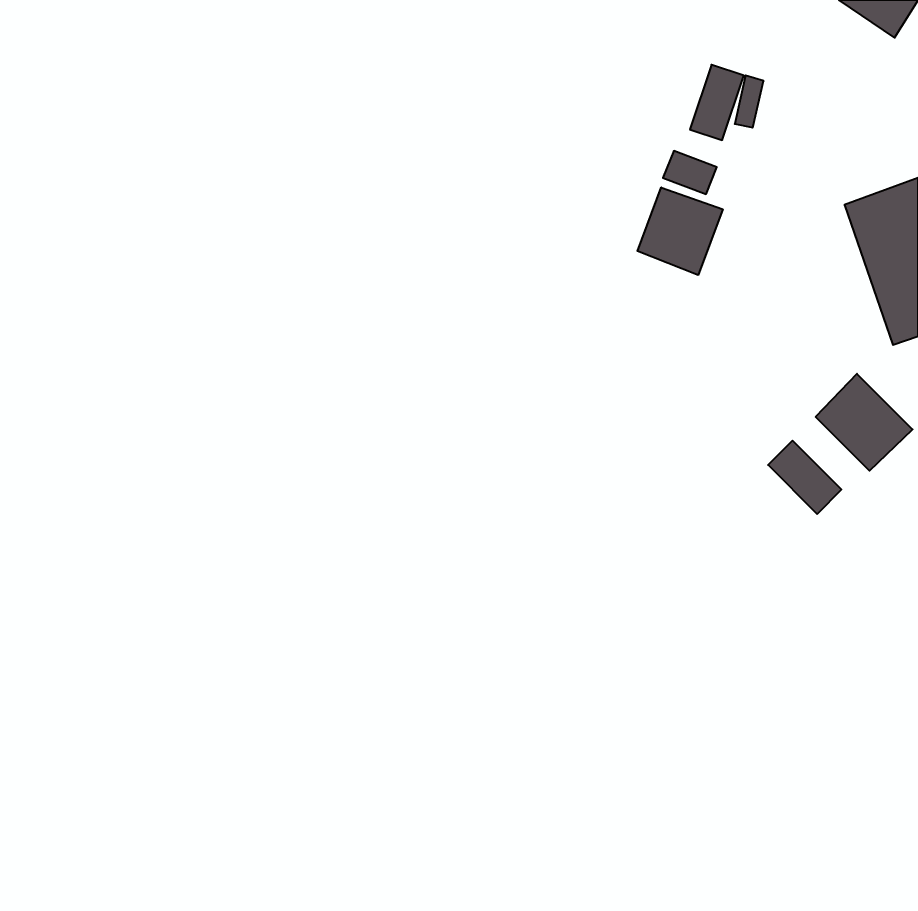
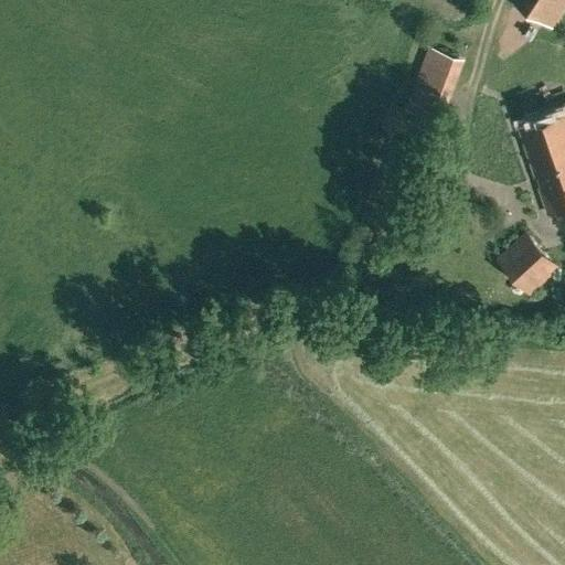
building: [637,187,723,275] -> none
building: [768,441,841,514] -> none

